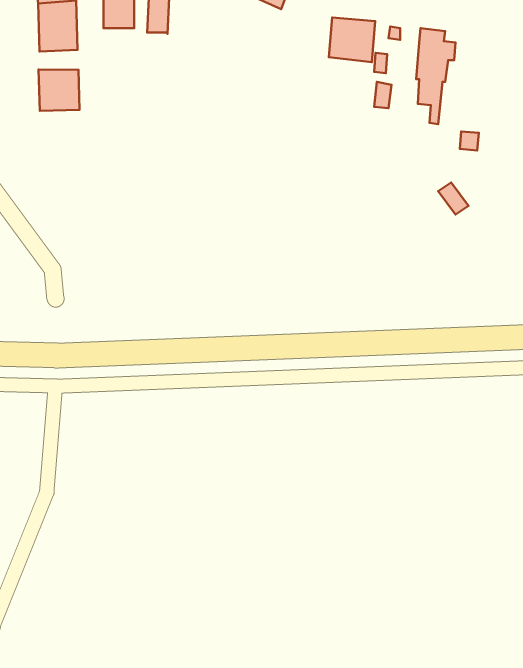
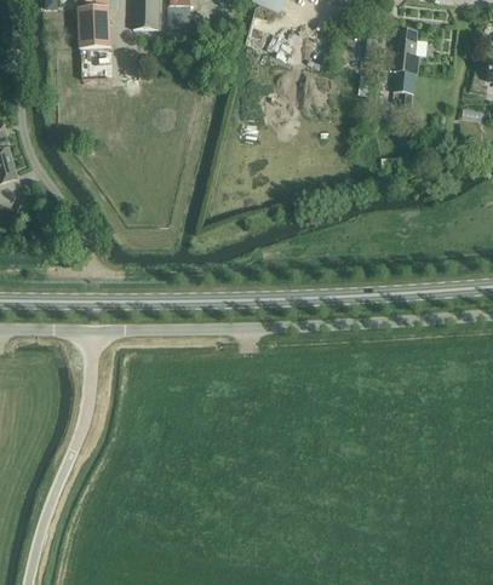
building: [329,17,375,62] -> none
building: [39,70,80,111] -> none

